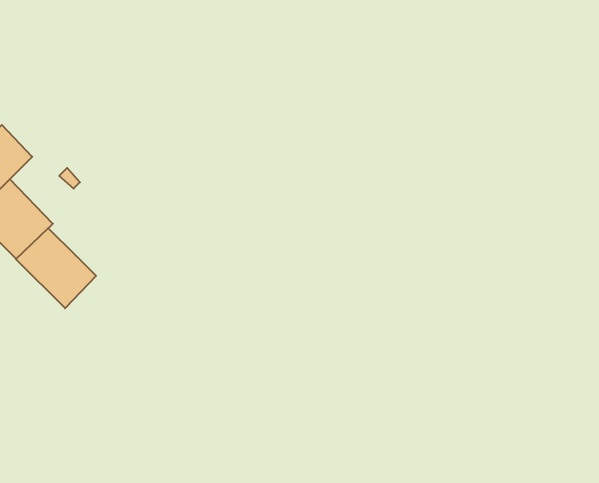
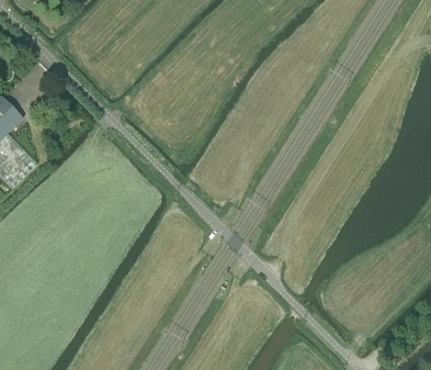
building: [16,228,96,308] -> none

